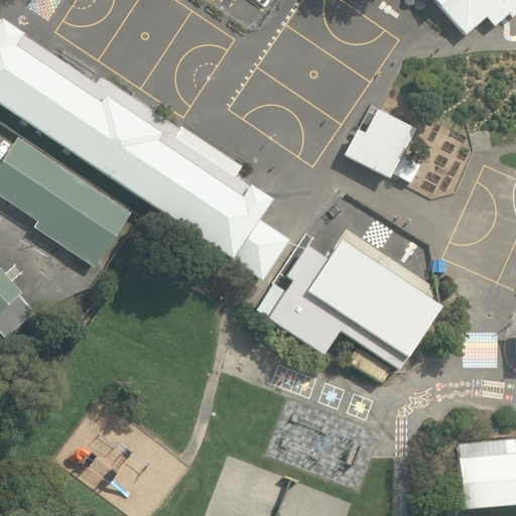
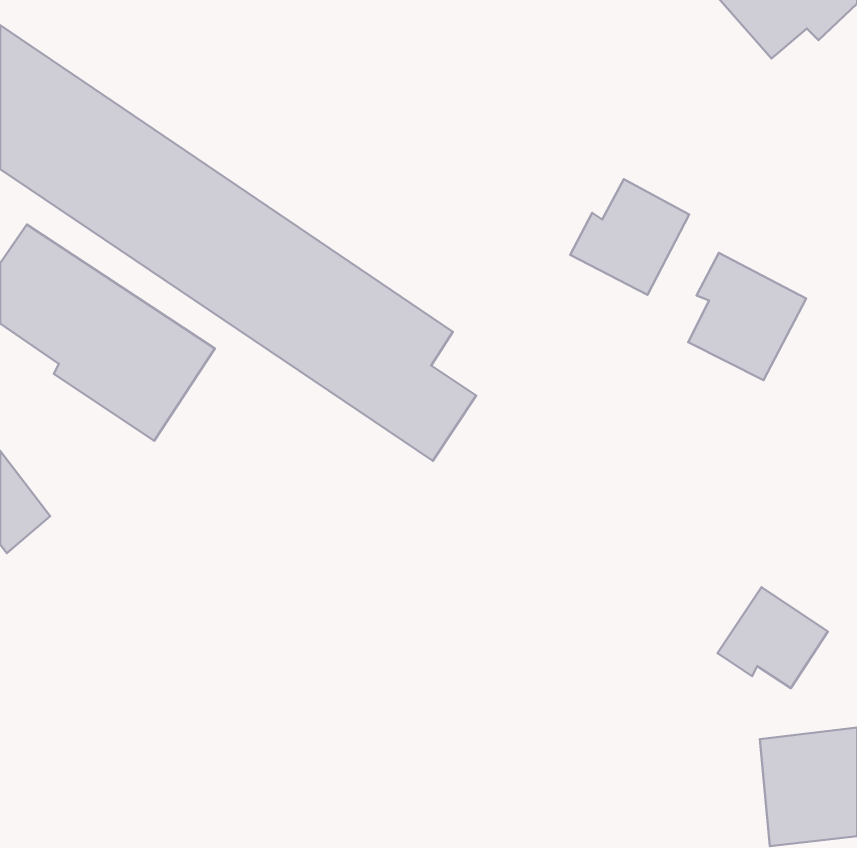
building: none -> [688,253,806,380]
building: [268,243,438,372] -> none
building: none -> [718,587,828,688]

